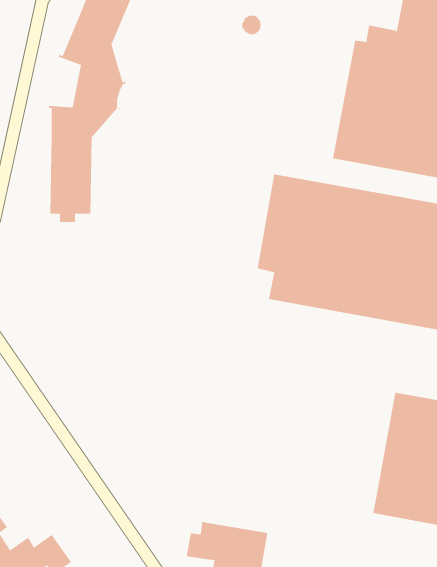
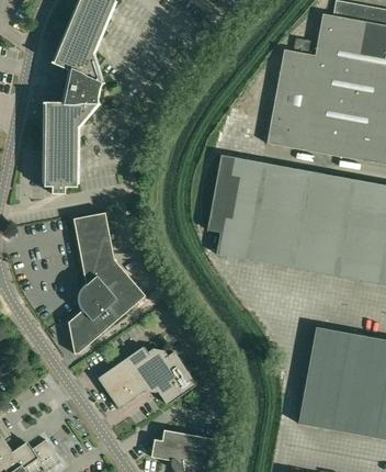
building: none -> [68,212,145,353]
building: none -> [99,347,195,406]

